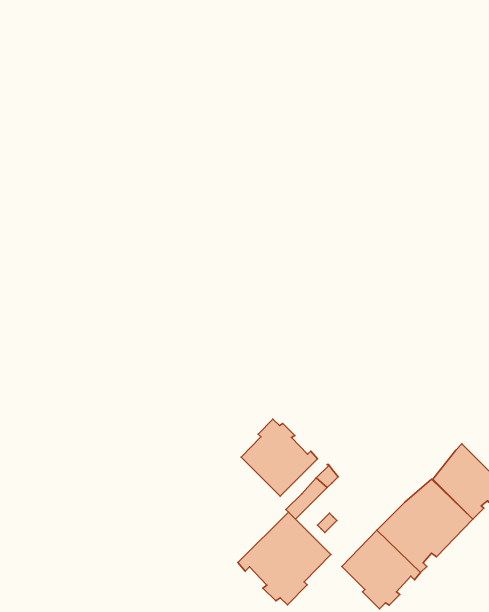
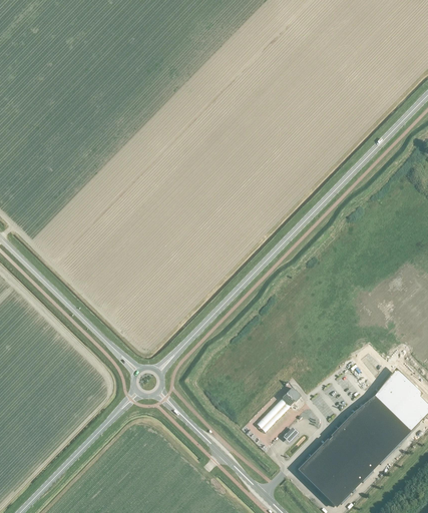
building: [241,419,318,496] -> none
building: [238,512,331,605] -> none

